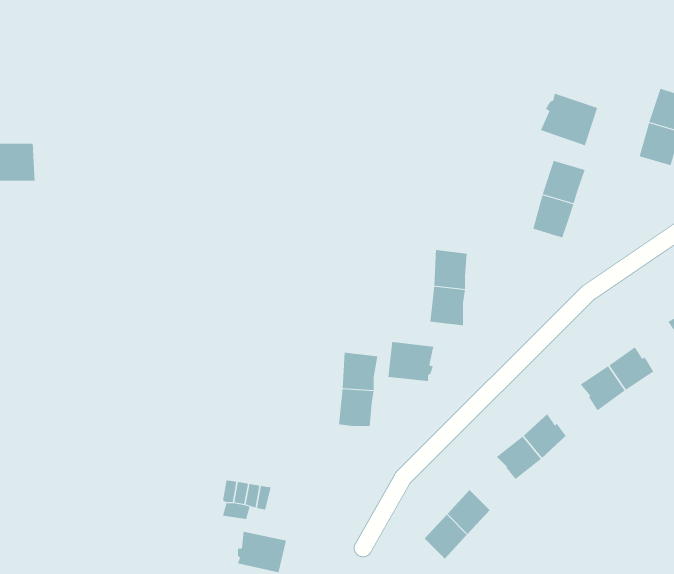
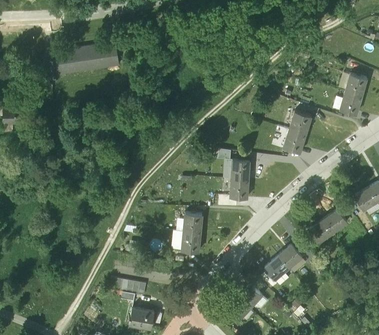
building: none -> [54,41,119,72]
building: [540,93,598,146] -> none
building: [388,341,434,382] -> none

